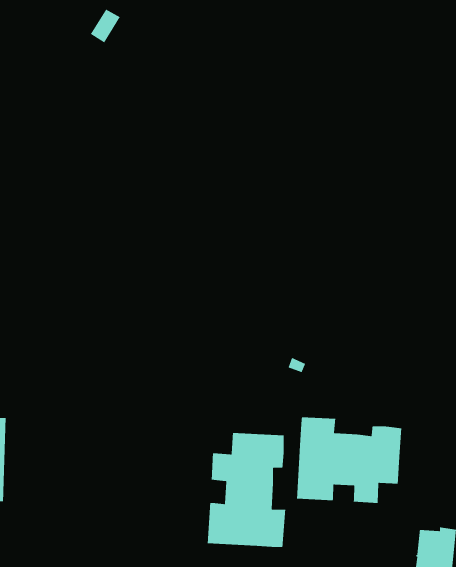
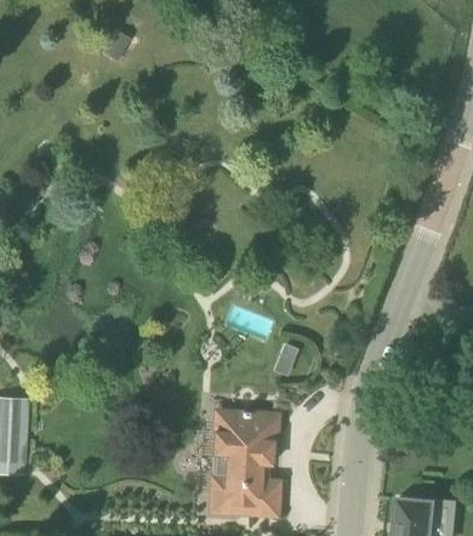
building: [296,416,402,504] -> none

